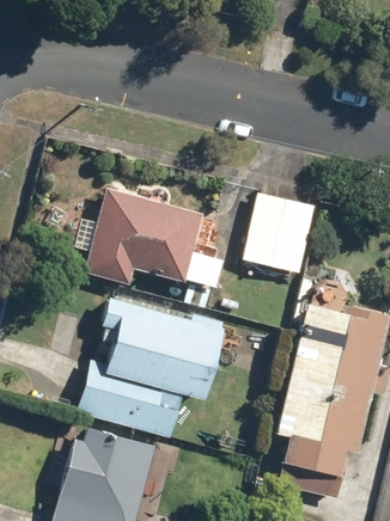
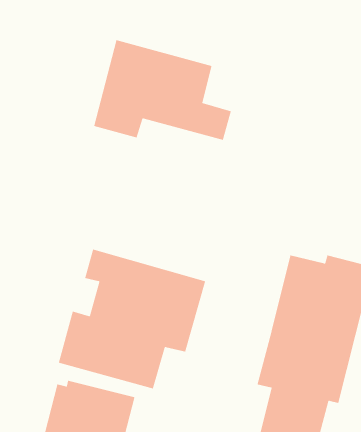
building: [84,188,223,289] -> [93,39,232,141]
building: [249,195,321,275] -> none

